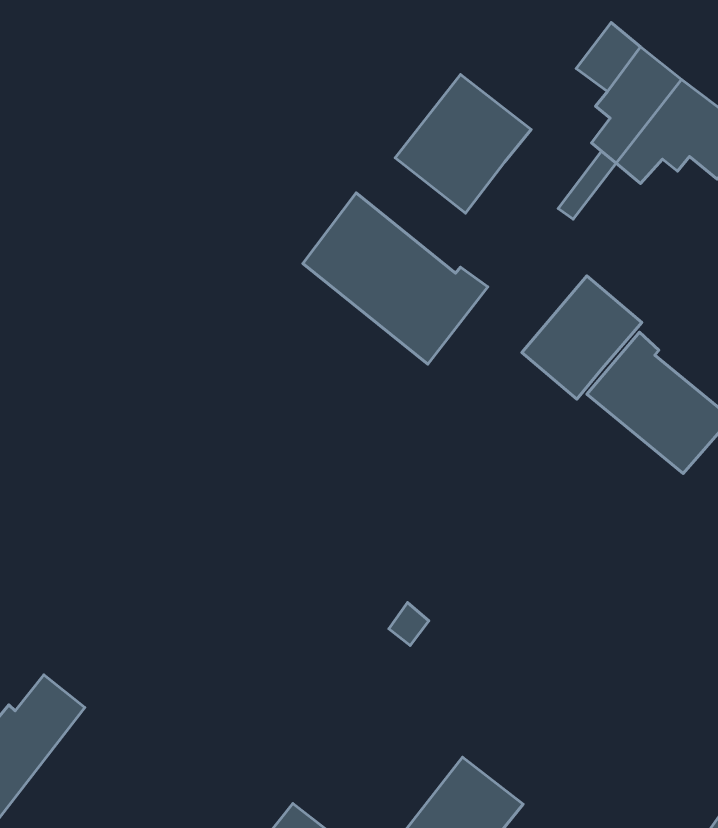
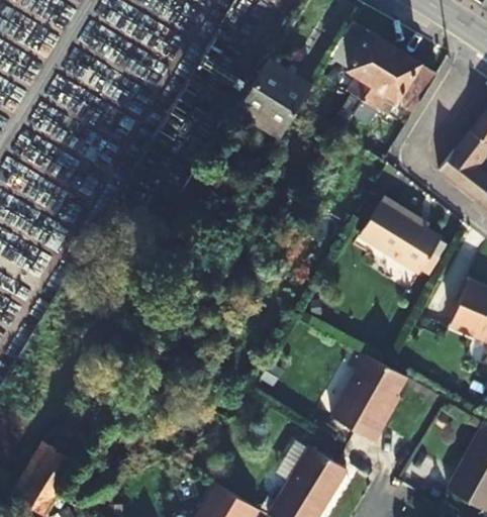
building: [303,193,488,364] -> none
building: [522,276,642,399] -> none
building: none -> [331,355,407,442]

